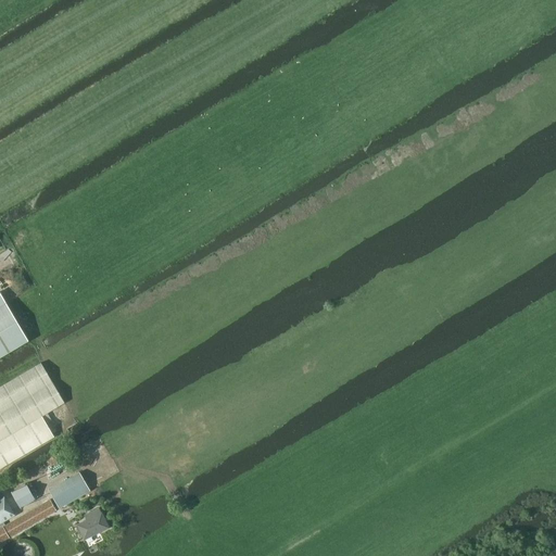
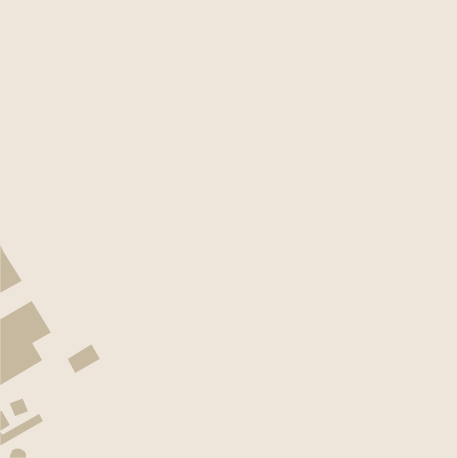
building: [47,472,88,509] -> [67,343,101,374]
building: [74,507,108,540] -> none

